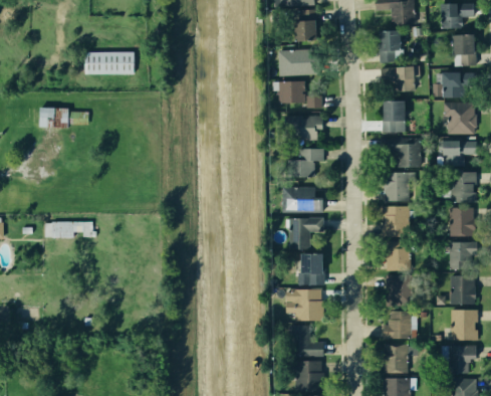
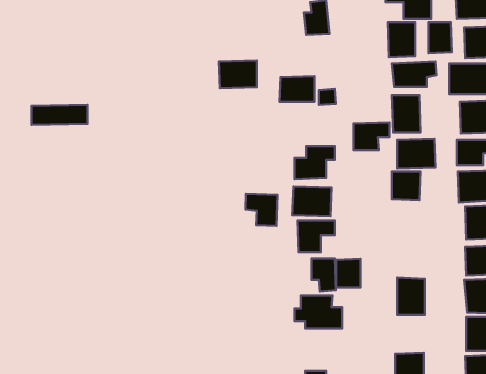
building: none -> [429,22,452,53]
building: [279,48,315,74] -> [219,61,257,88]
building: [84,52,135,74] -> none
building: [291,116,325,142] -> [353,122,390,150]
building: none -> [245,194,277,226]
building: [382,205,407,237] -> none
building: [45,222,94,238] -> none
building: [385,241,408,268] -> [336,259,360,287]
building: [382,312,410,339] -> none
building: [291,326,326,358] -> none

